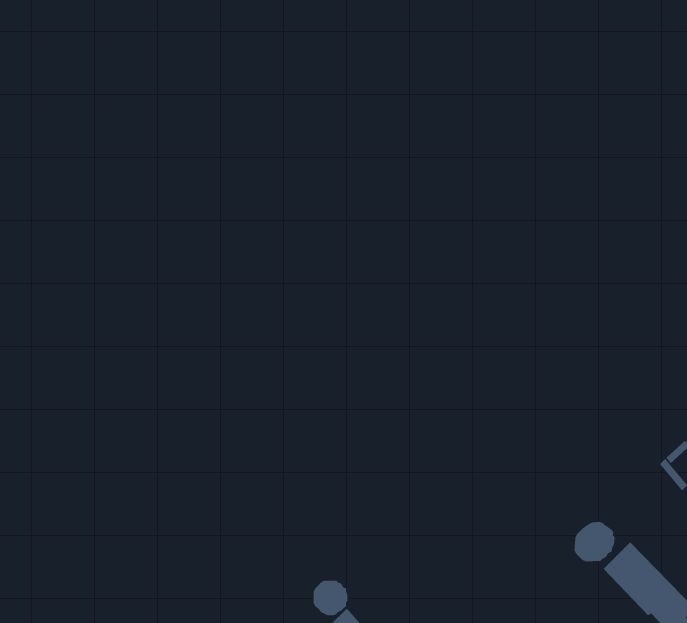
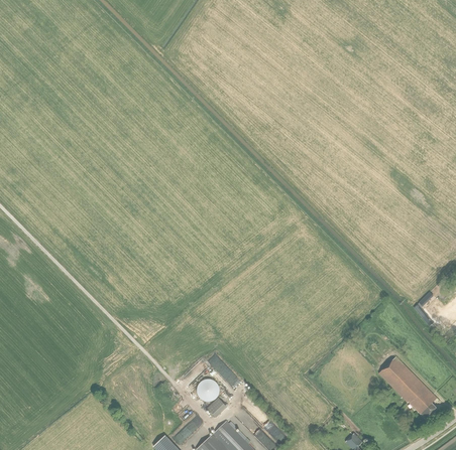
building: [574,521,615,562] -> none

